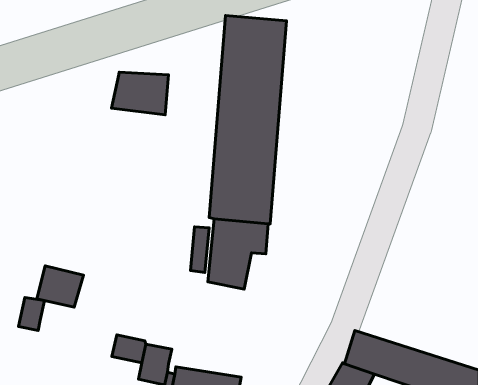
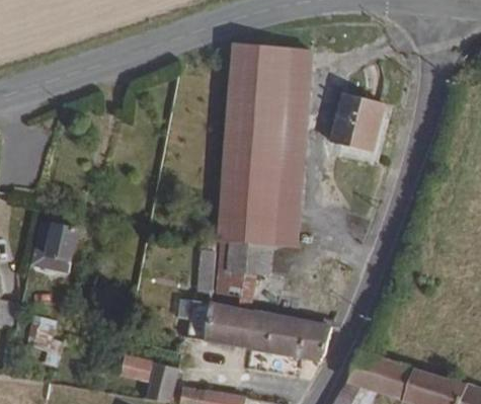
building: none -> [274,47,314,247]
building: none -> [330,92,385,151]
building: [112,72,168,115] -> none
building: [37,266,83,307] -> [36,220,82,260]
building: none -> [204,301,331,361]

